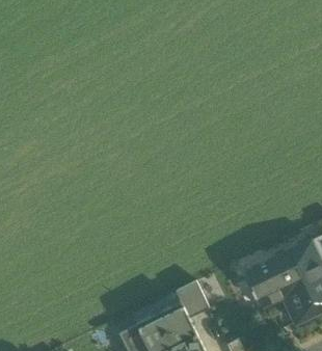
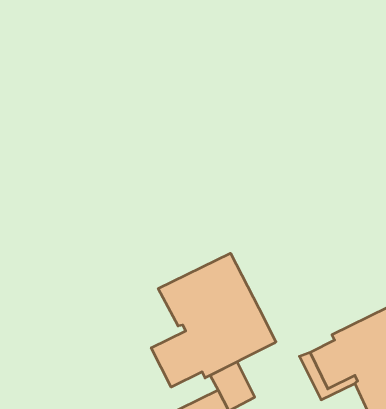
building: none -> [151,253,276,387]

